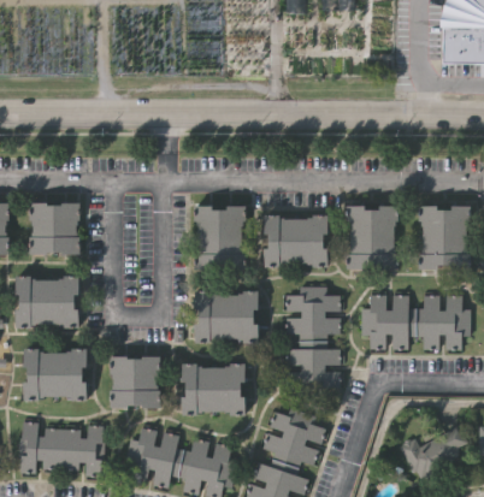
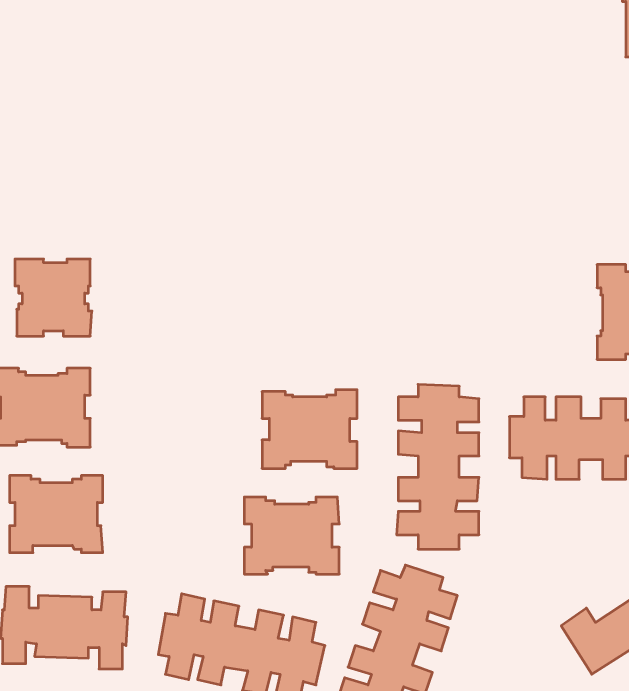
building: [194,205,246,268] -> none
building: [347,205,399,270] -> none
building: [265,214,329,266] -> none
building: [112,354,161,407] -> none

